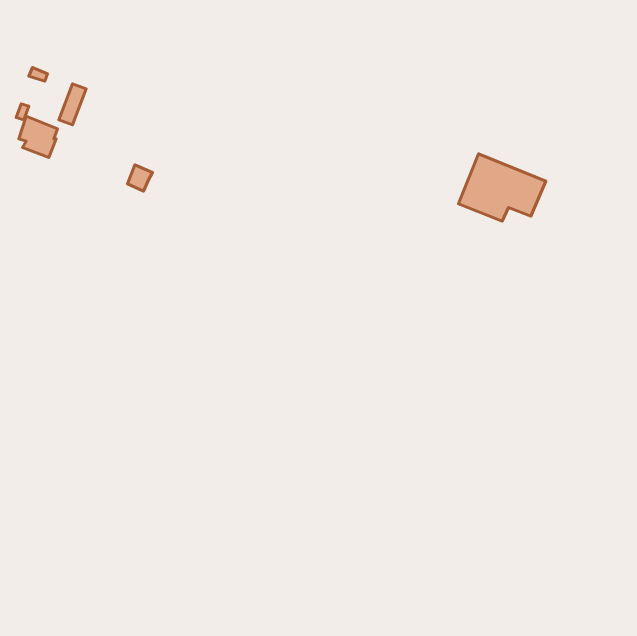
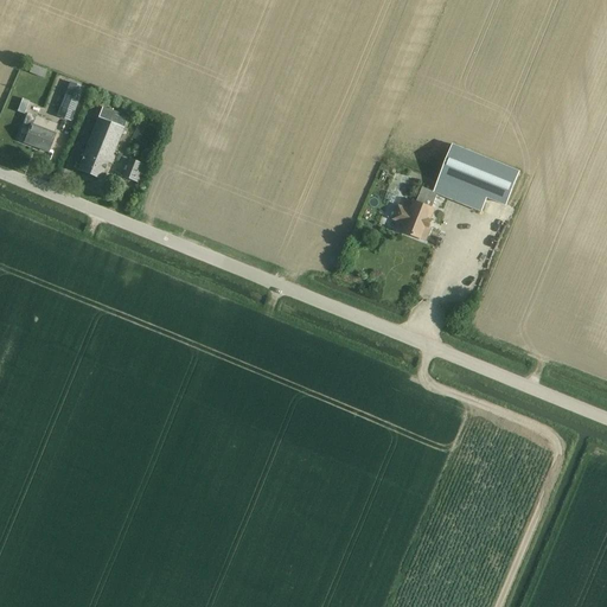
building: none -> [76,104,126,177]
building: none -> [392,184,436,237]

